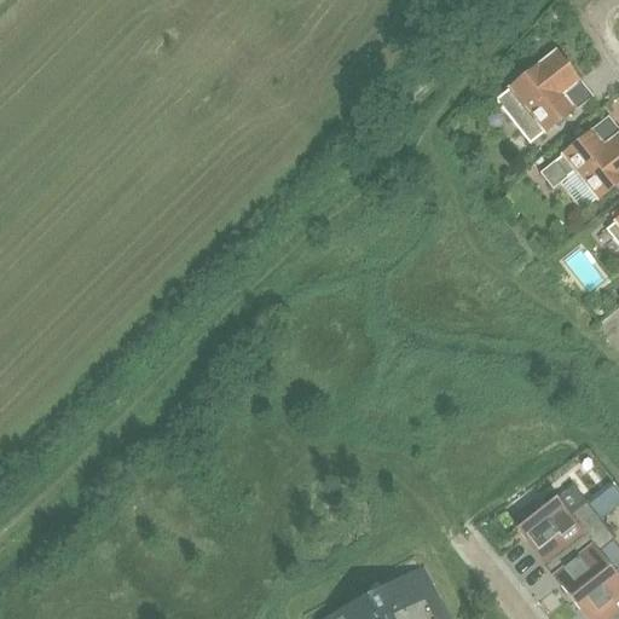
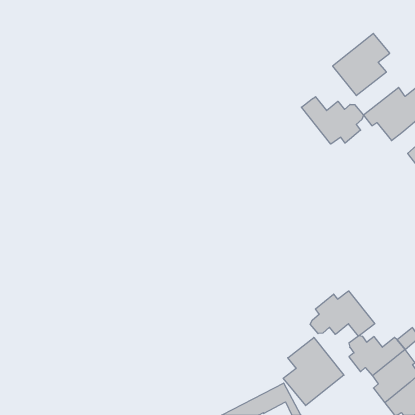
building: none -> [301,97,364,144]
building: none -> [310,291,375,336]
building: none -> [283,337,344,406]

